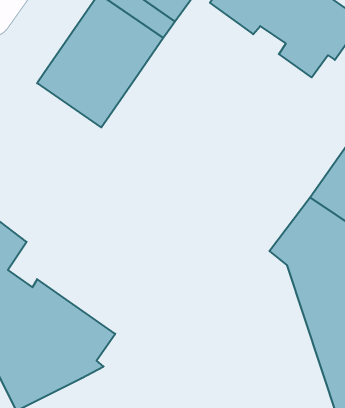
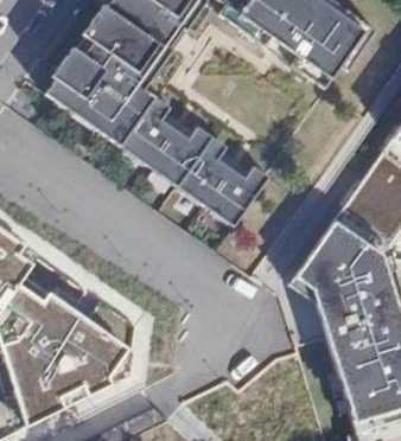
building: none -> [114,89,273,225]

